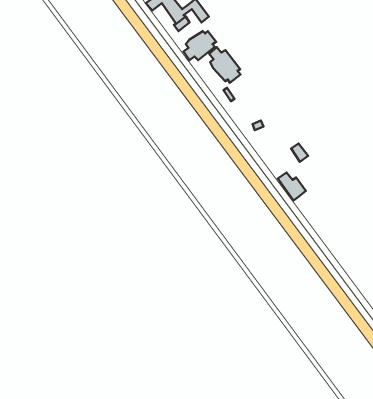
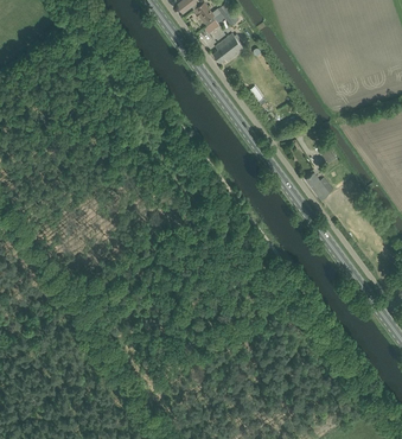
building: [209,47,241,83] -> none

